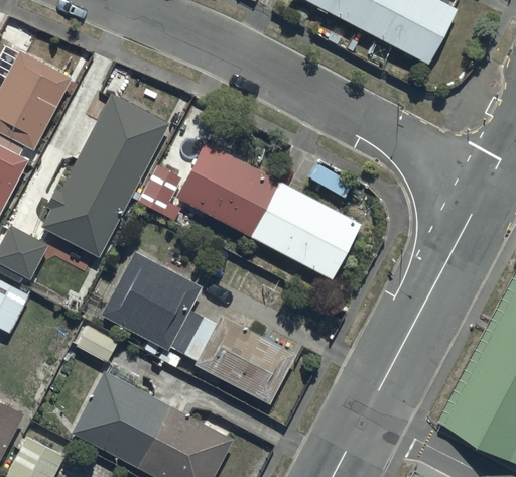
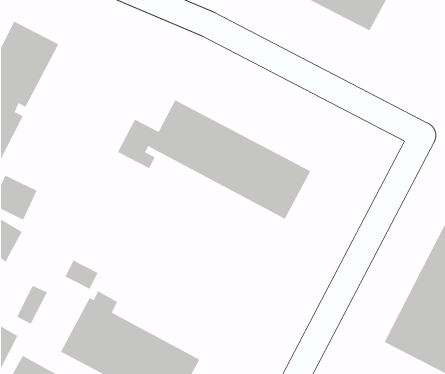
building: [42,93,168,264] -> none
building: [101,252,293,401] -> none

